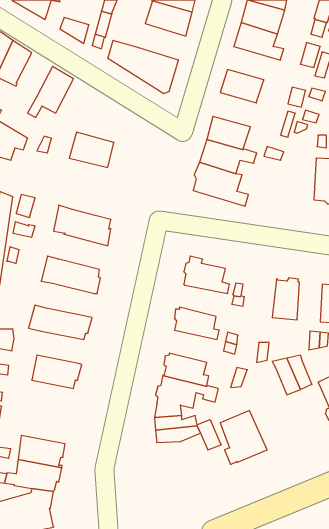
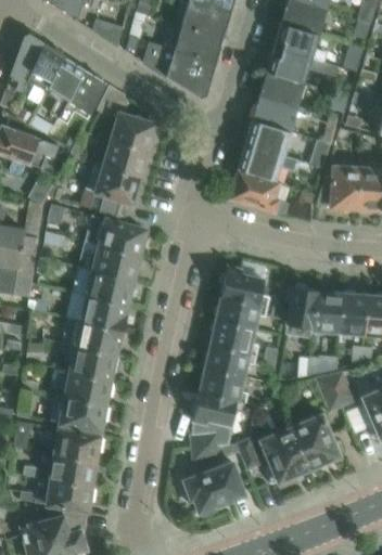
building: none -> [174,25,224,63]
building: none -> [267,49,338,83]
building: none -> [46,55,85,118]
building: none -> [97,85,155,149]
building: none -> [252,96,308,132]
building: none -> [315,164,359,210]
building: none -> [80,165,142,220]
building: none -> [84,241,142,281]
building: none -> [285,285,318,331]
building: none -> [340,291,366,335]
building: none -> [78,295,129,331]
building: none -> [215,297,267,330]
building: none -> [204,344,256,377]
building: none -> [68,345,120,378]
building: none -> [58,396,109,429]
building: none -> [290,414,343,470]
building: none -> [52,427,102,462]
building: none -> [183,463,243,517]

